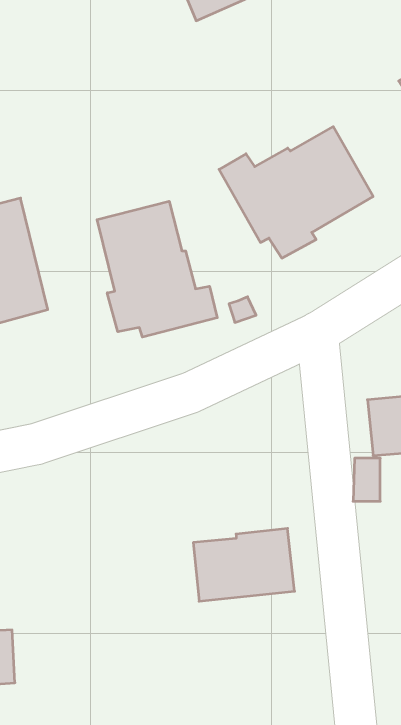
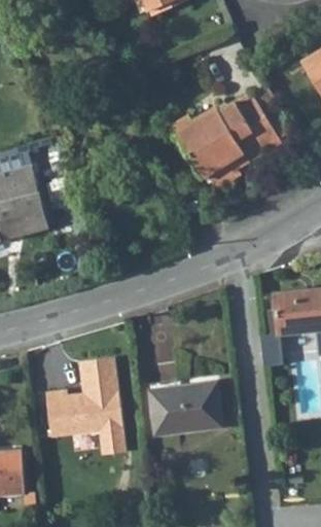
building: [97,201,217,337] -> none
building: none -> [47,360,126,457]

